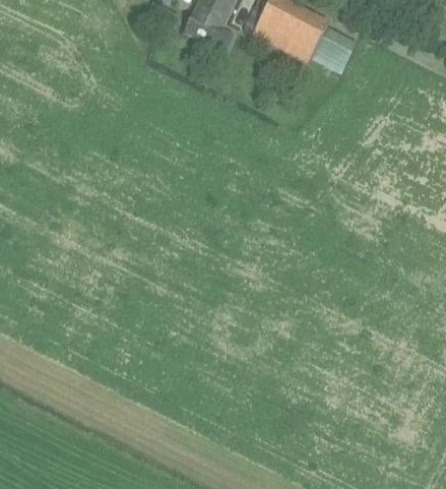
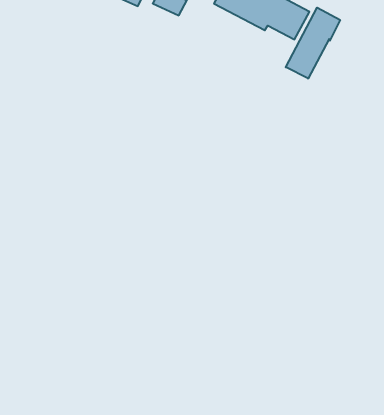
building: none -> [286,8,340,79]

